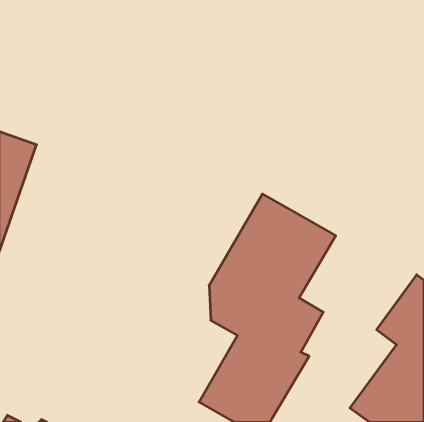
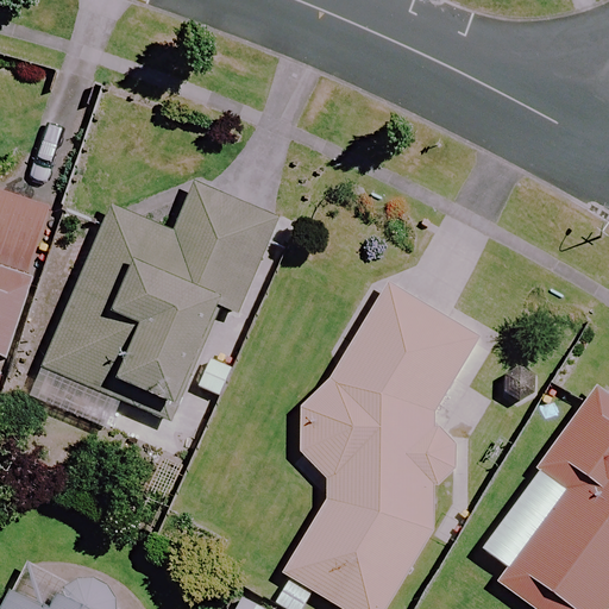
building: none -> [44,184,276,420]

